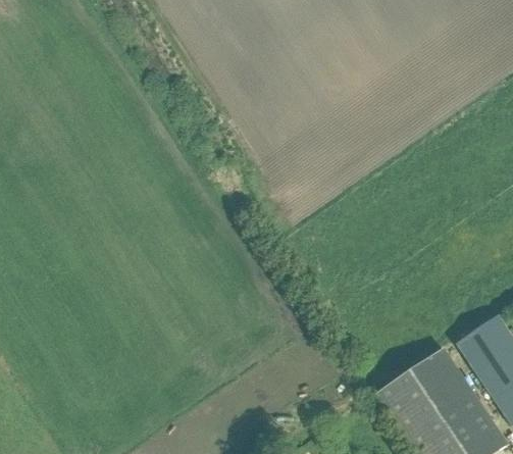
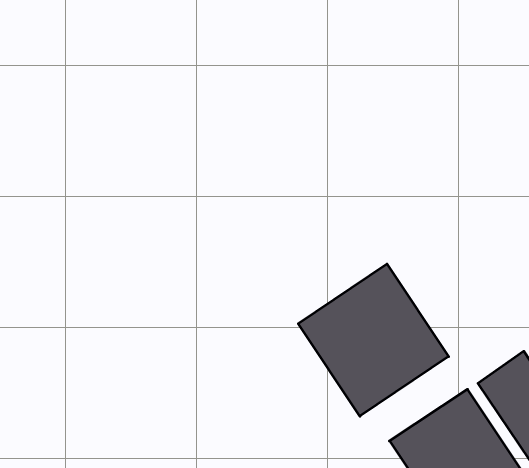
building: none -> [298,264,449,416]

